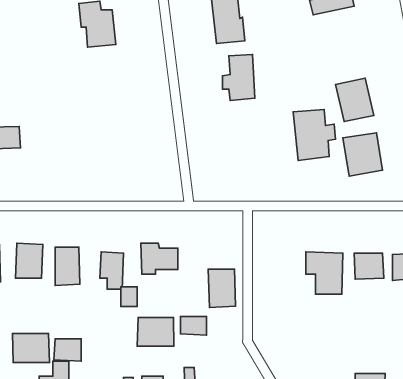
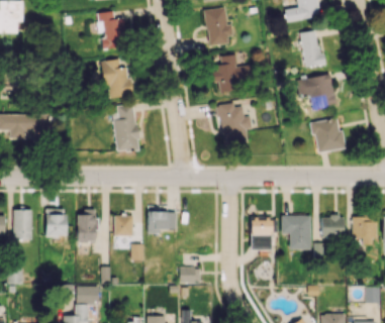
building: none -> [300,30,322,68]
building: none -> [101,60,132,98]
building: [293,109,335,160] -> [217,104,252,145]
building: none -> [113,104,138,152]
building: [208,269,236,308] -> [250,217,272,248]
building: [137,317,174,346] -> none
building: [12,333,49,363] -> none

